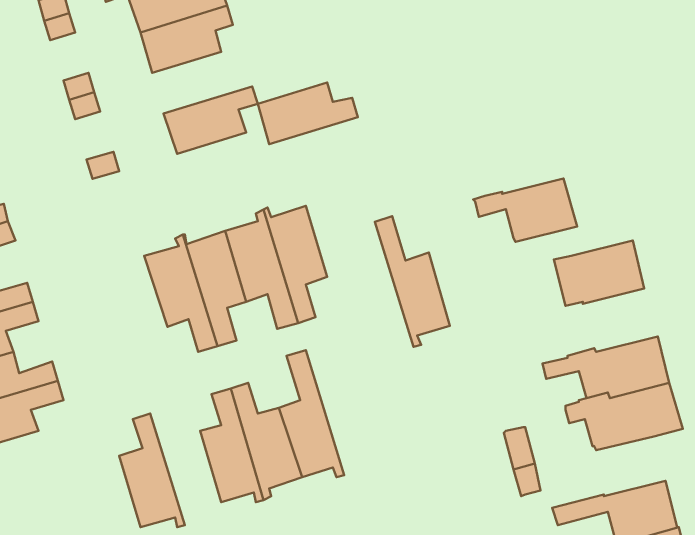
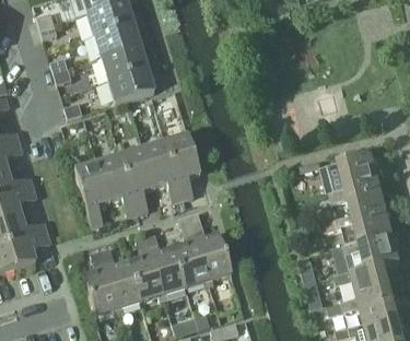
building: [258,83,358,144] -> [99,46,156,81]
building: [473,178,577,242] -> [328,180,387,216]
building: [375,216,450,347] -> [187,212,230,286]
building: none -> [71,162,108,227]
building: none -> [98,248,139,315]
building: none -> [325,264,391,298]

